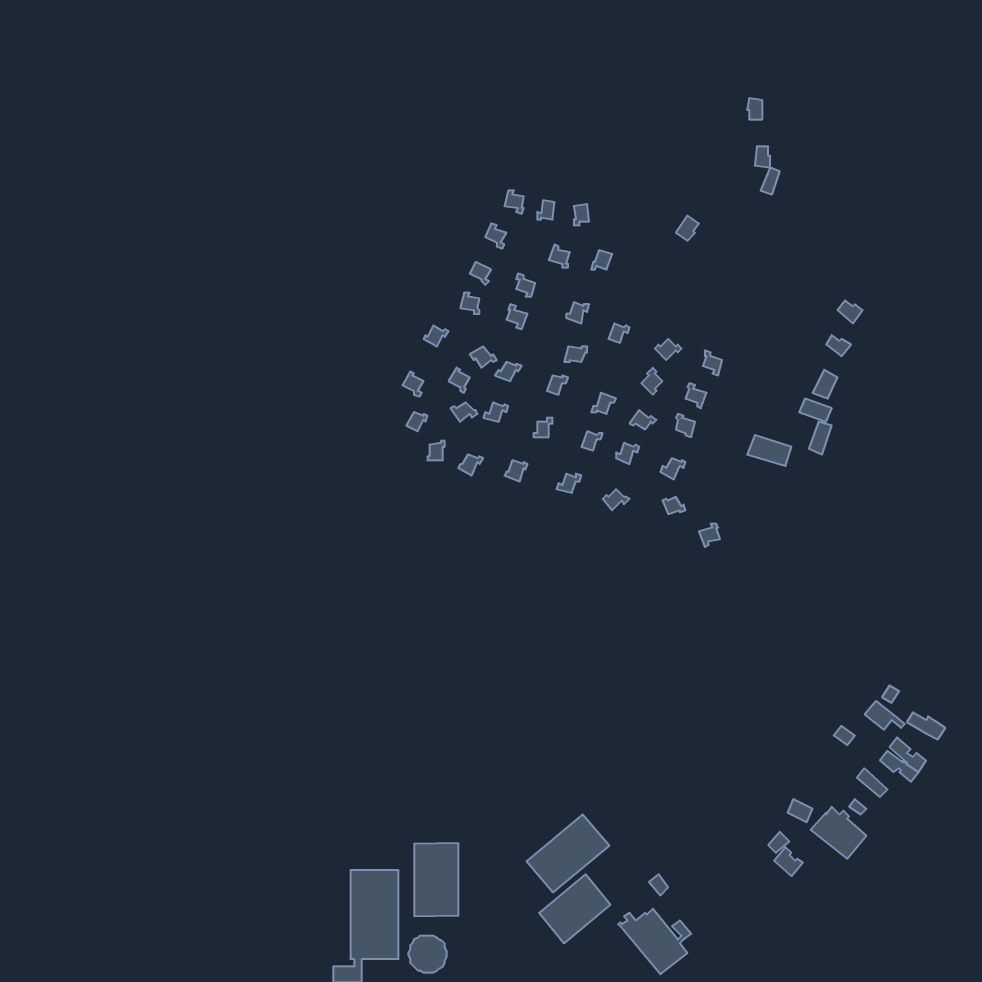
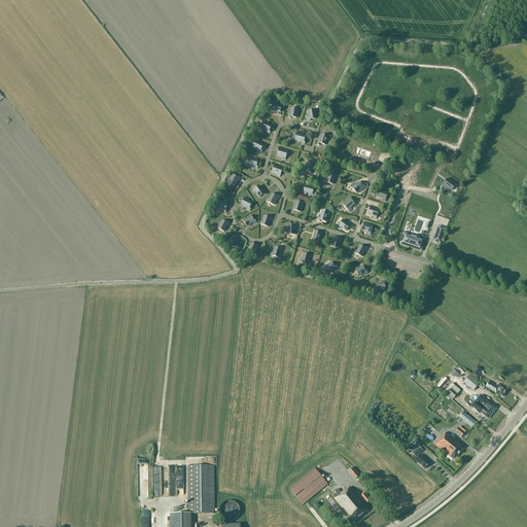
building: [526,814,609,892] -> none
building: [414,843,458,916] -> none

